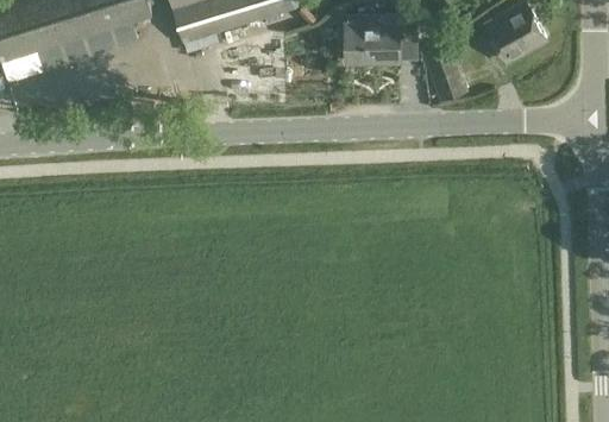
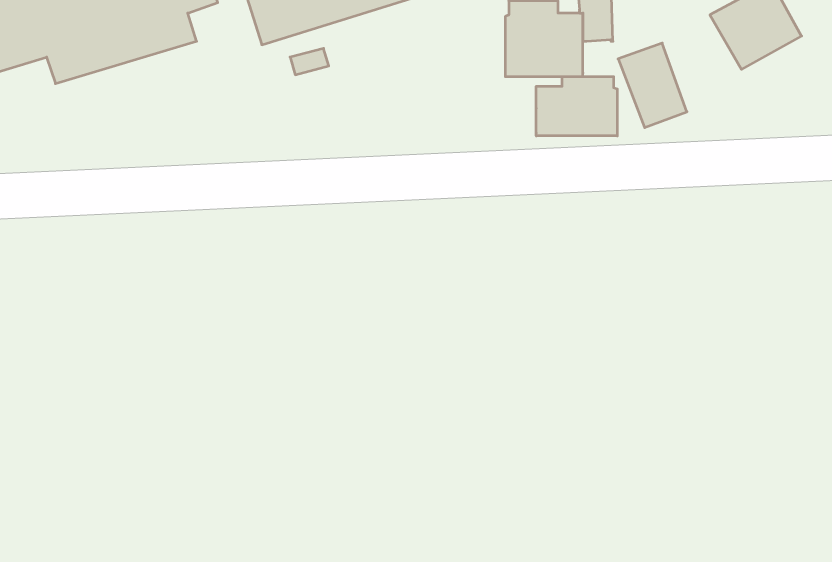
building: none -> [536,77,617,136]

